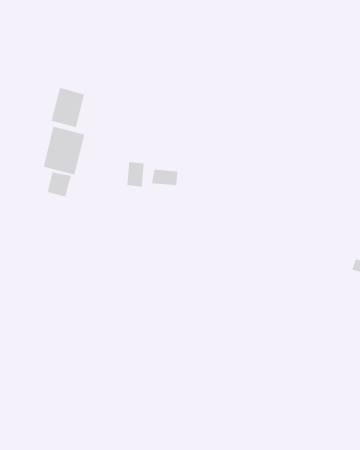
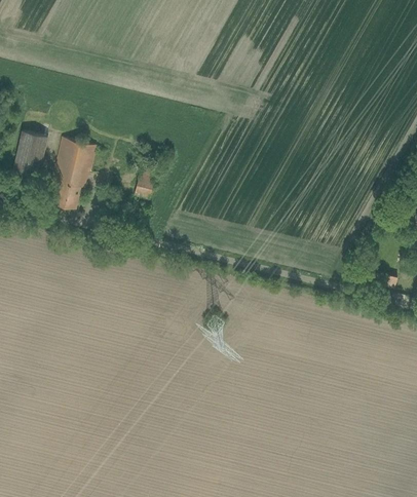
building: [50,87,85,128] -> [12,133,47,176]
building: [151,169,178,186] -> none

